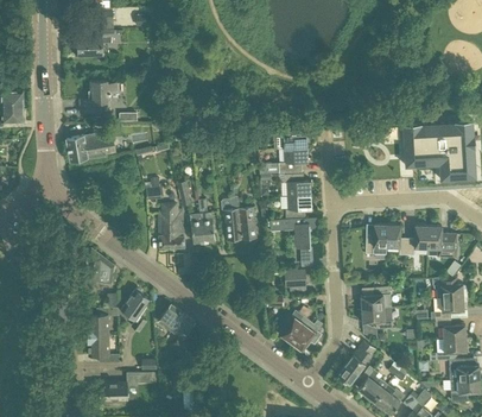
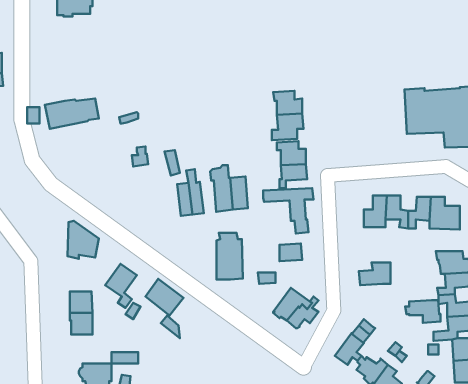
building: [78,80,116,112] -> none
building: [158,204,183,248] -> [216,233,243,280]
building: [357,308,391,329] -> [405,300,441,323]

